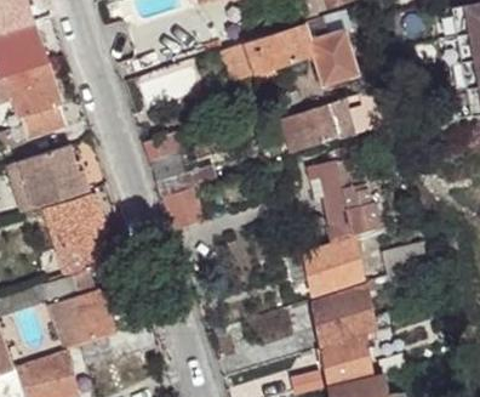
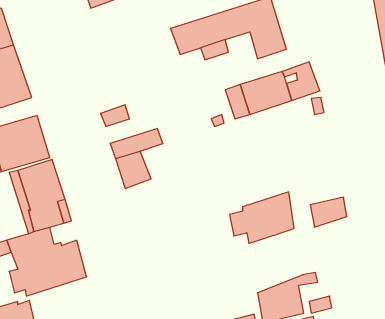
building: [304,149,377,239] -> none
building: [314,280,375,346] -> none

